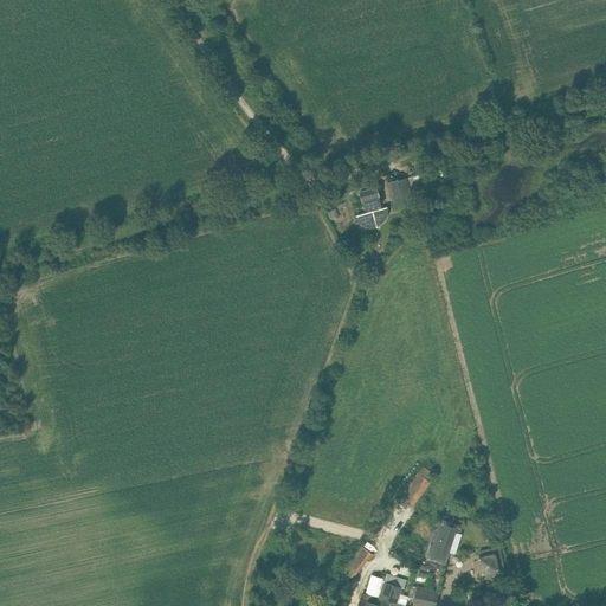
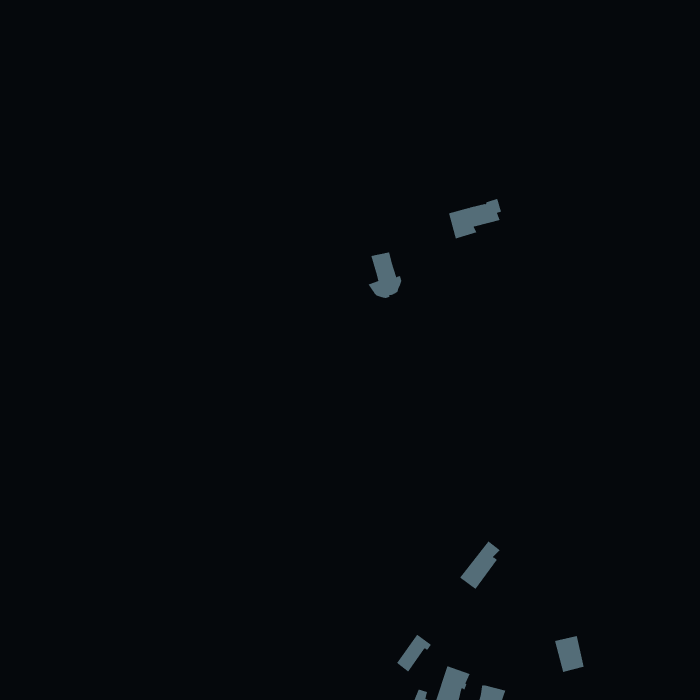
building: [354,189,386,230] -> [367,252,404,299]
building: [427,522,459,566] -> none

